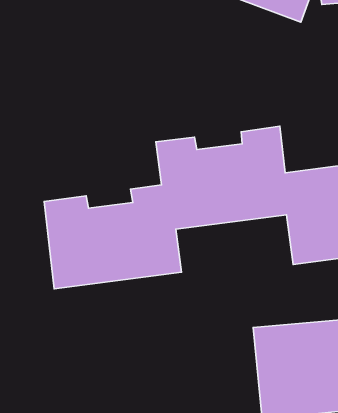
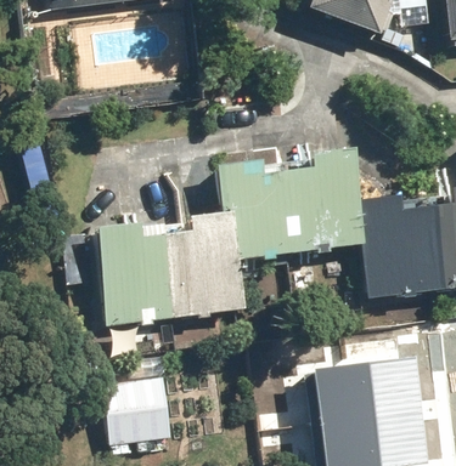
building: none -> [101,375,169,443]

